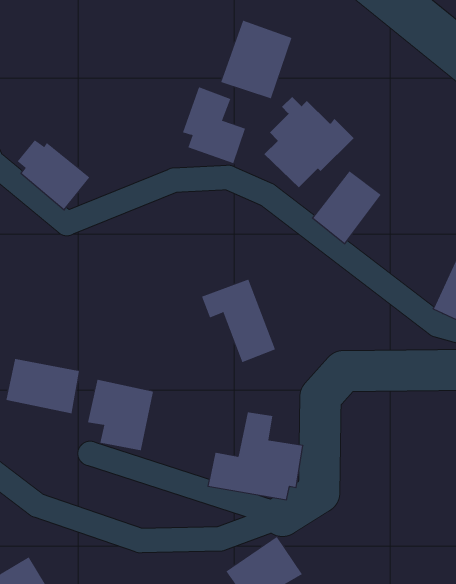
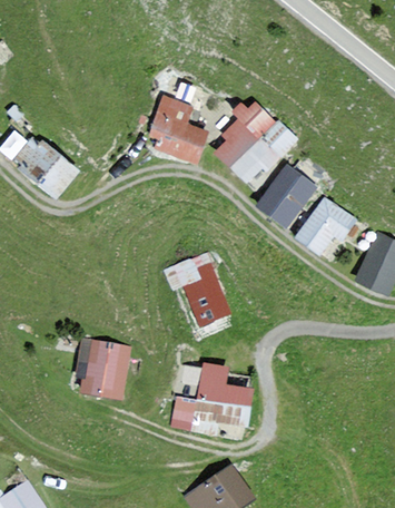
building: [221,20,292,99] -> none
building: none -> [296,196,353,253]
building: [6,358,80,414] -> none

